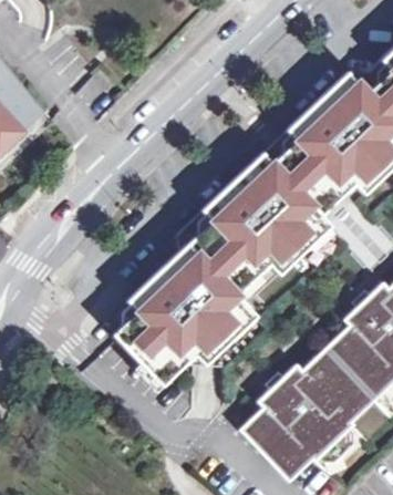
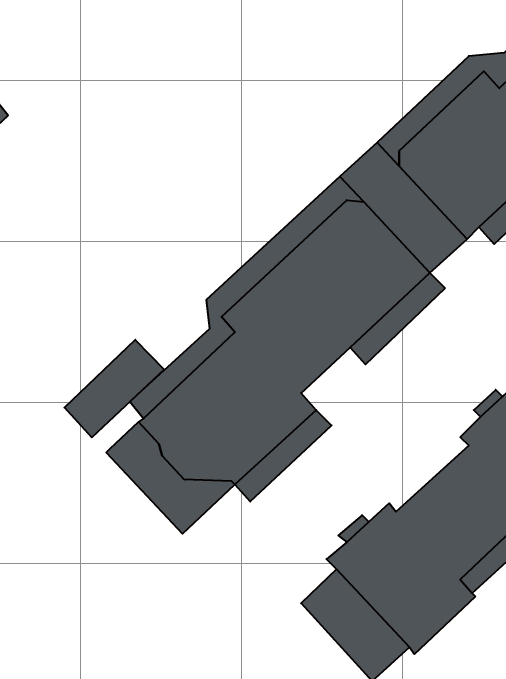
building: none -> [64,340,164,437]

